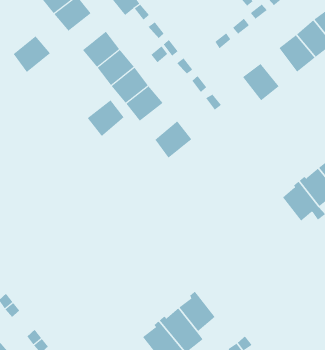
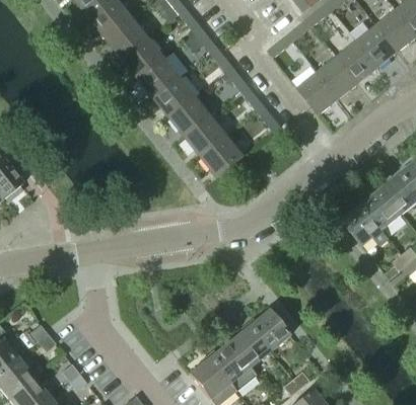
building: [13,36,51,73] -> [108,18,149,59]
building: none -> [319,57,358,98]
building: [87,100,125,137] -> [186,116,227,157]
building: none -> [247,309,289,350]

